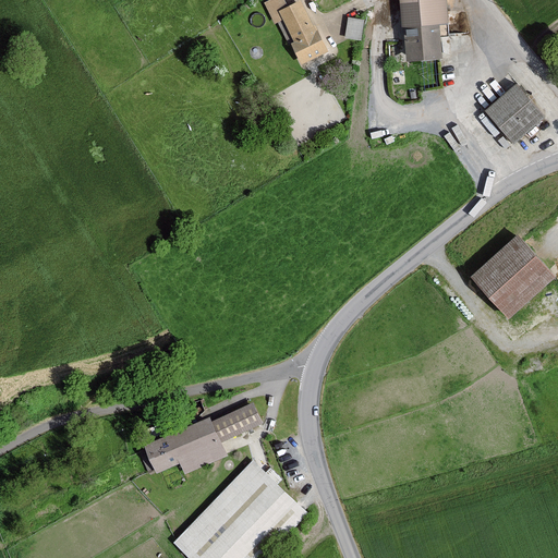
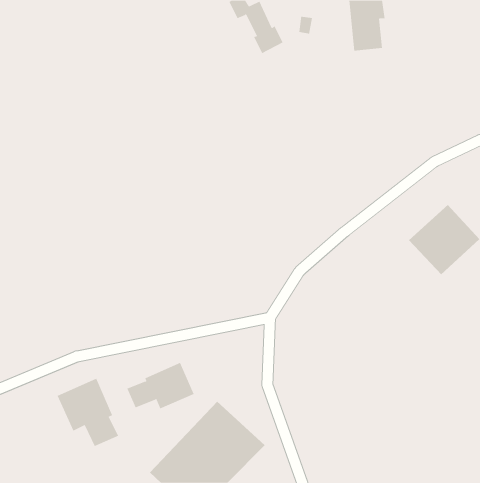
building: [487,86,541,140] -> none
building: [214,403,260,441] -> none
building: none -> [57,378,119,447]

